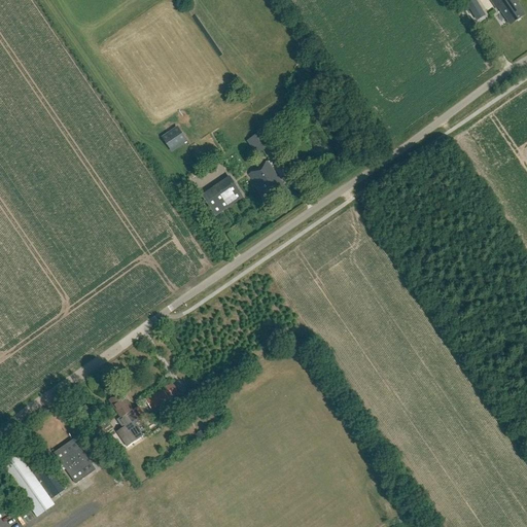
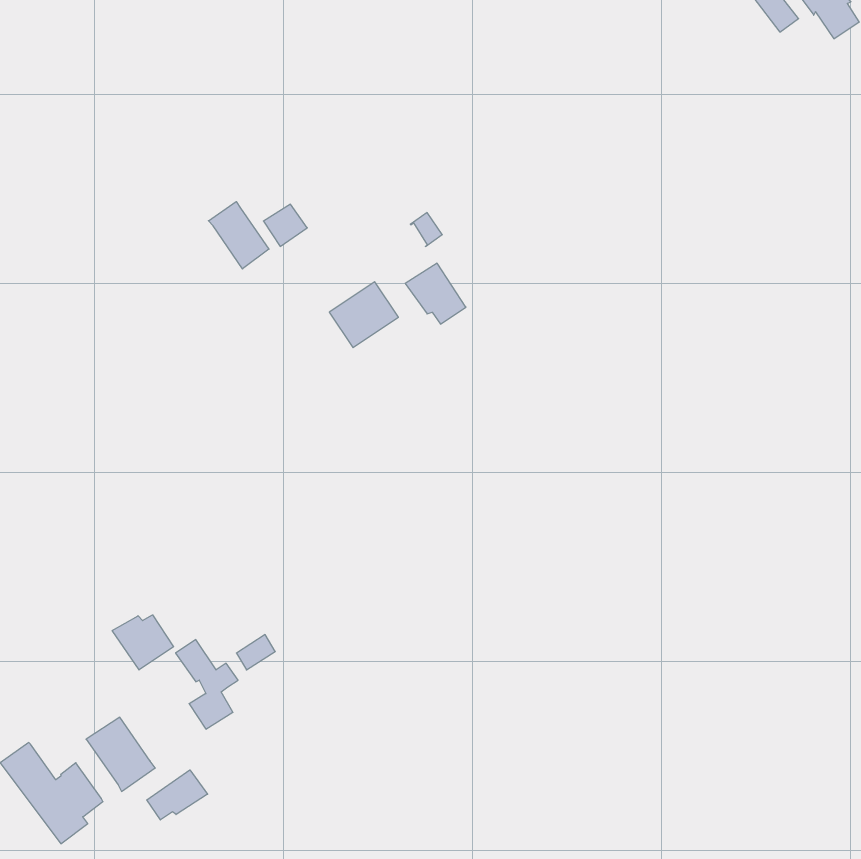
building: none -> [208,202,269,269]
building: none -> [112,615,174,670]
building: none -> [147,770,208,820]

